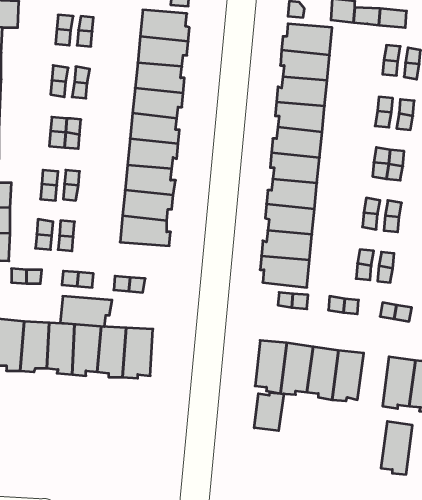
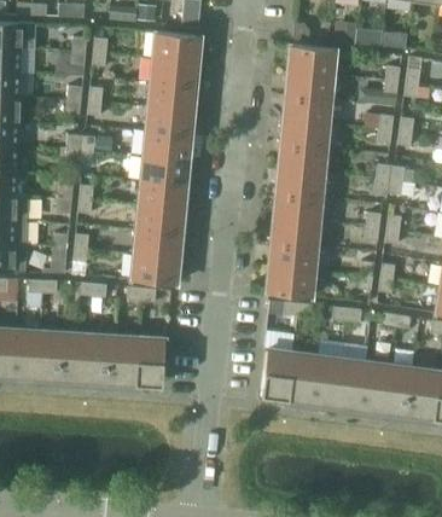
building: [60,296,112,327] -> [130,256,180,285]
building: [254,392,284,431] -> none
building: [381,421,412,474] -> [360,362,390,413]

